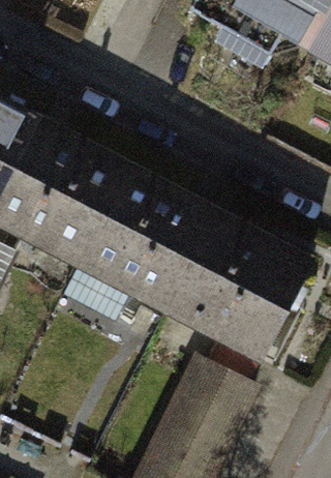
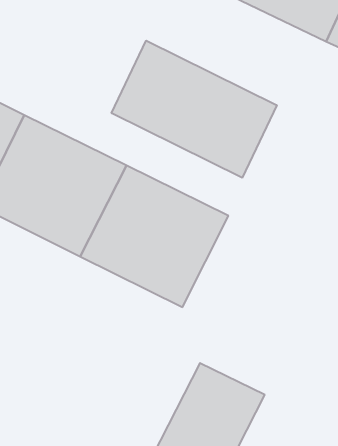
building: none -> [112,41,277,178]
building: [176,225,314,358] -> none

